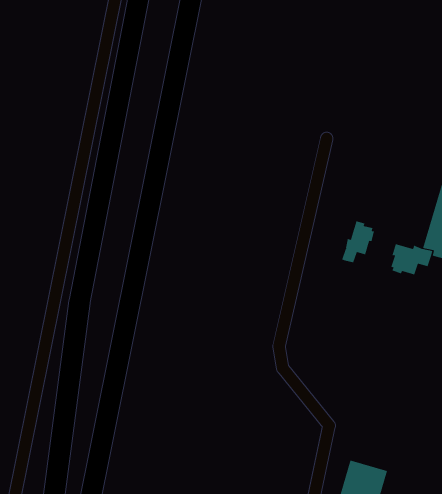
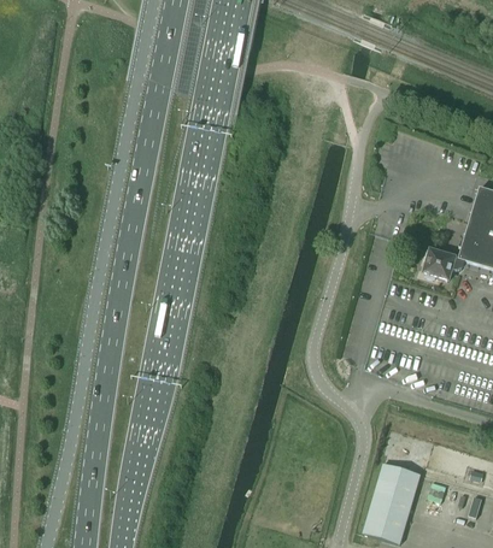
building: [341,220,374,263] -> none

